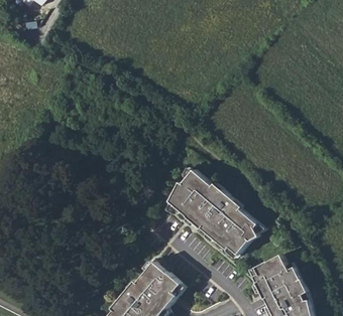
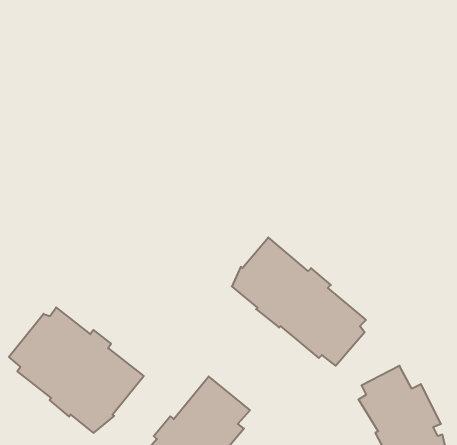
building: none -> [9,307,144,433]

